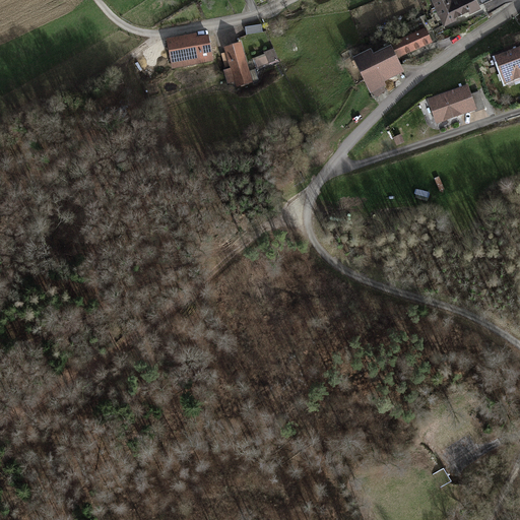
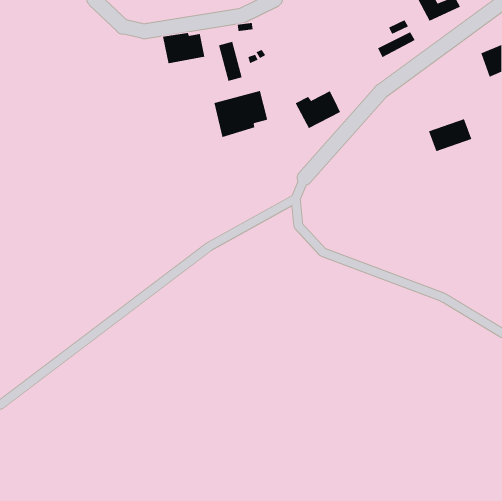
building: [353,50,401,89] -> [295,90,341,129]
building: [429,85,474,120] -> [428,118,472,152]
building: none -> [214,90,268,138]

